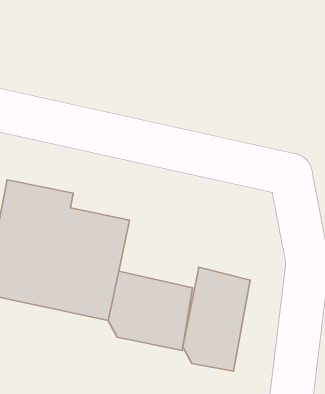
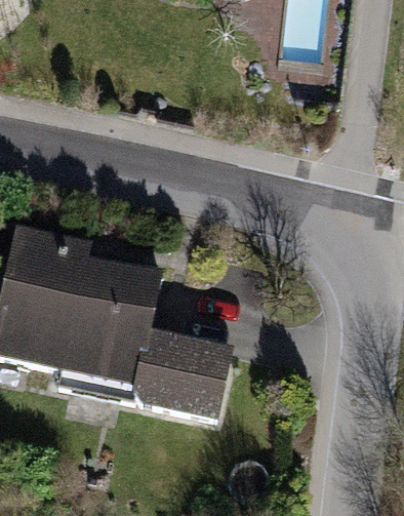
building: [183,267,250,371] -> none

